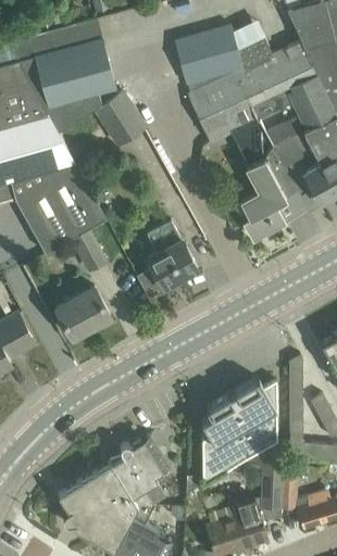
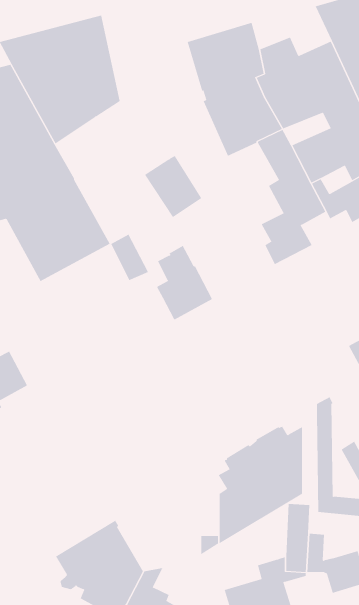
building: [93,92,145,148] -> [144,155,202,218]
building: [73,232,107,274] -> [111,234,149,281]
building: [55,289,110,339] -> none
building: [113,438,168,510] -> none

